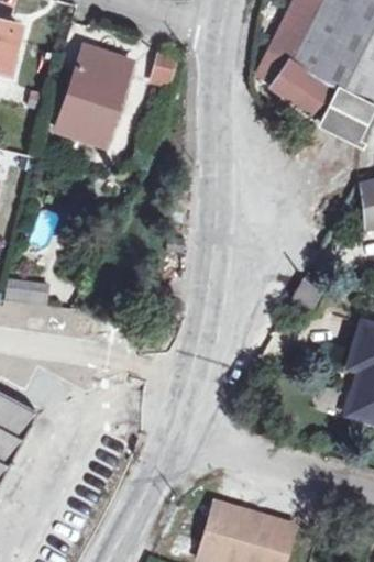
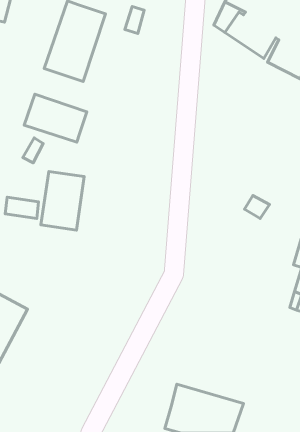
building: none -> [24,94,87,142]
building: none -> [41,171,84,230]

